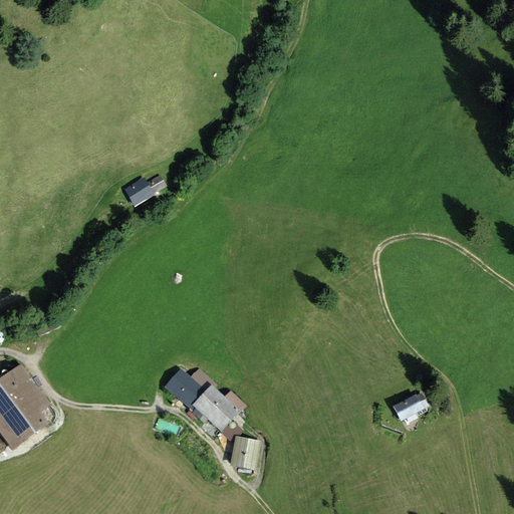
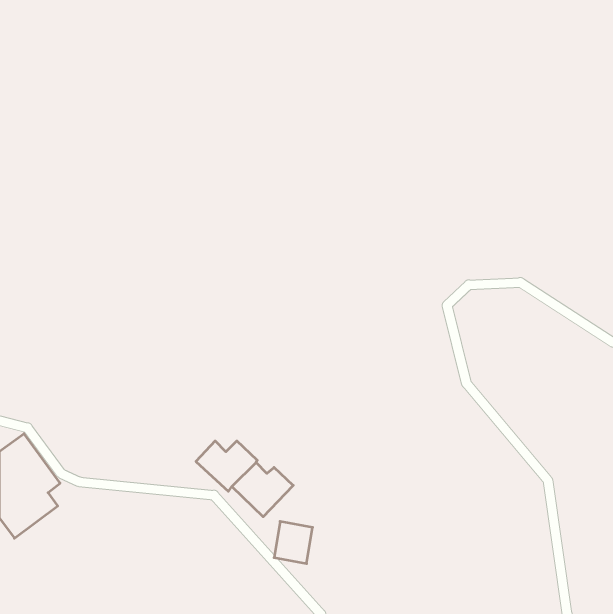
building: [122,175,166,207] -> none
building: [393,392,428,423] -> none

